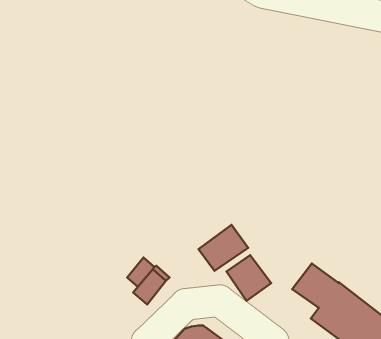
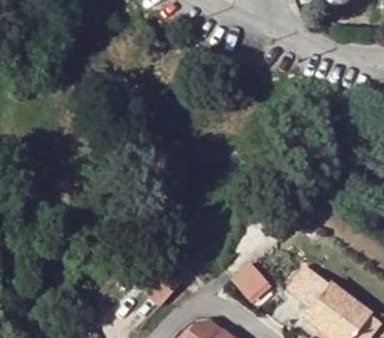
building: [199,225,248,271] -> none

